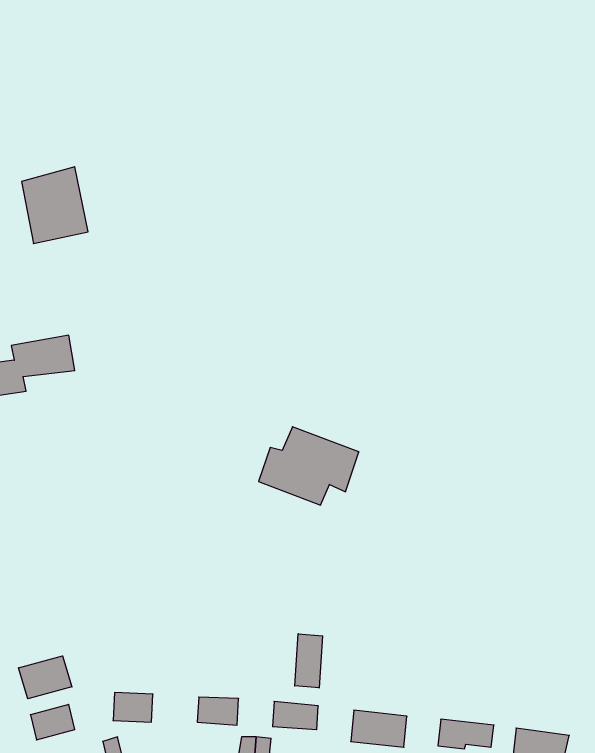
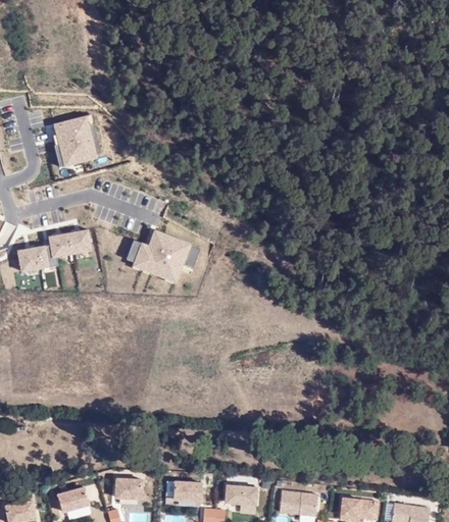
building: [259,427,359,505] -> [129,231,198,285]
building: [295,634,323,688] -> none
building: [19,656,72,699] -> none

